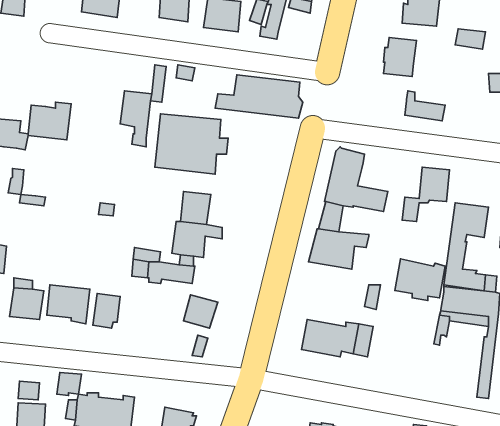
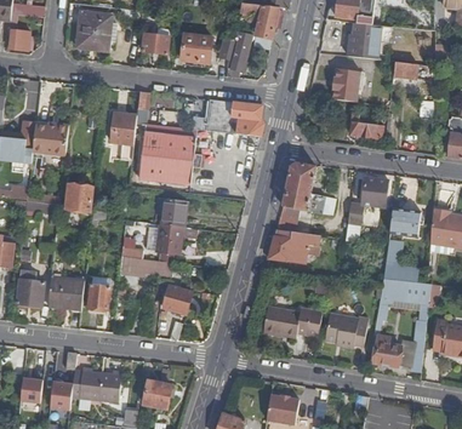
building: none -> [64,183,92,227]
building: [395,259,445,301] -> [325,313,367,348]
building: none -> [369,334,400,365]

